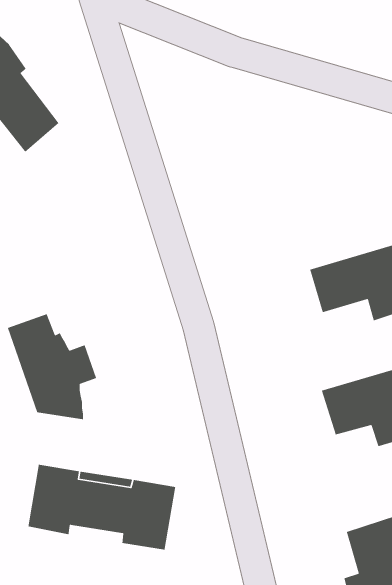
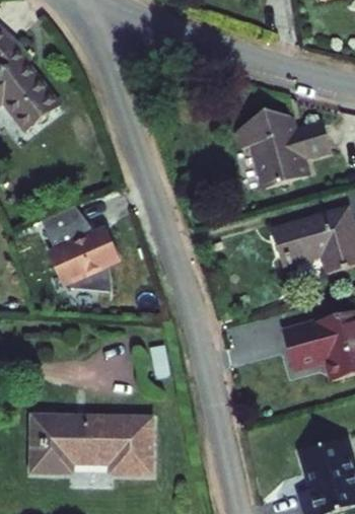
building: none -> [235,118,331,195]
building: [7,313,97,420] -> [40,197,117,288]

